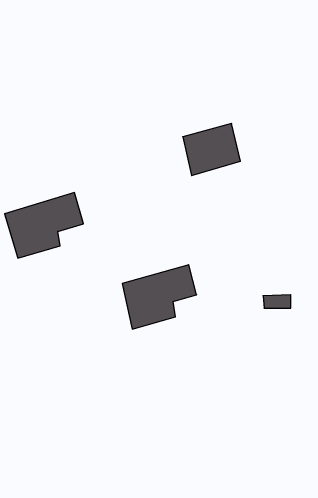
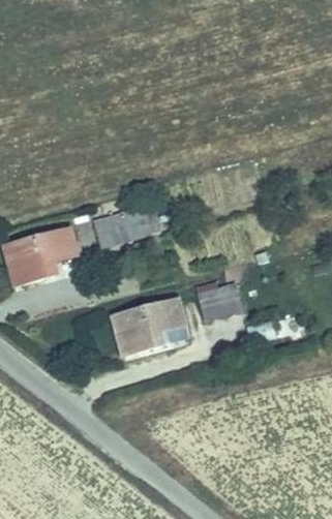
building: [183,123,240,176] -> [96,206,150,254]
building: none -> [195,284,241,325]

